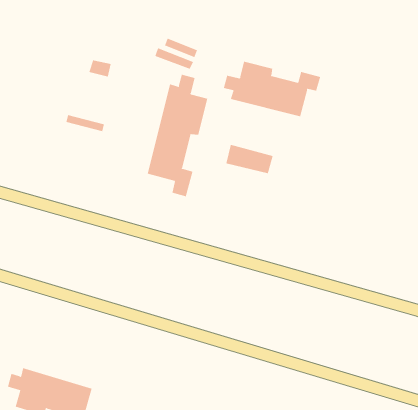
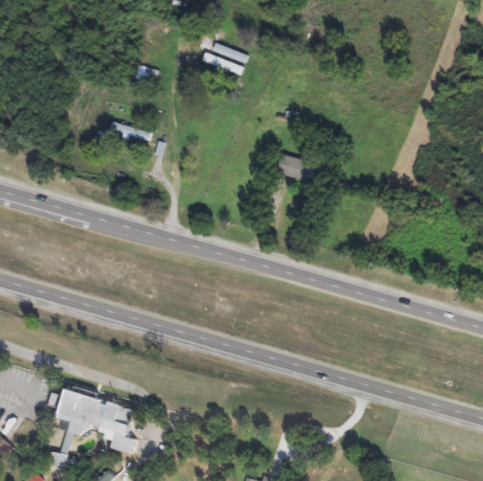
building: [223,61,321,117] -> none
building: [147,74,208,197] -> none

